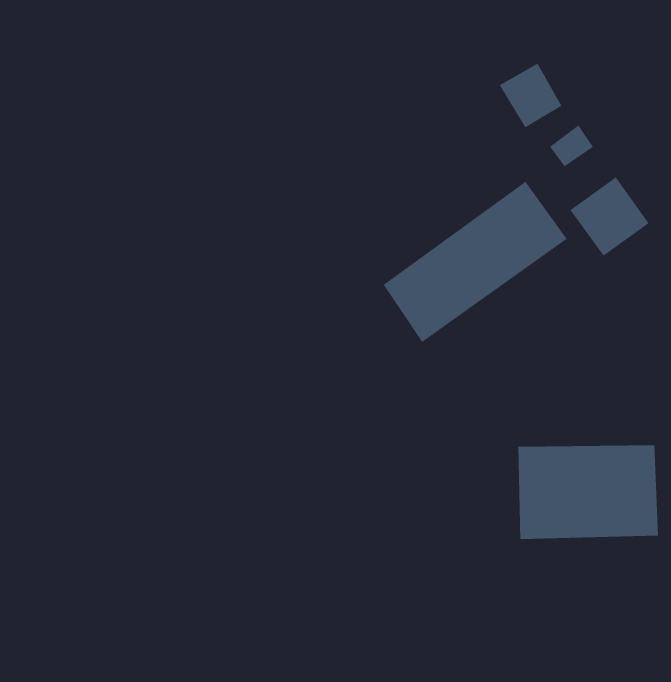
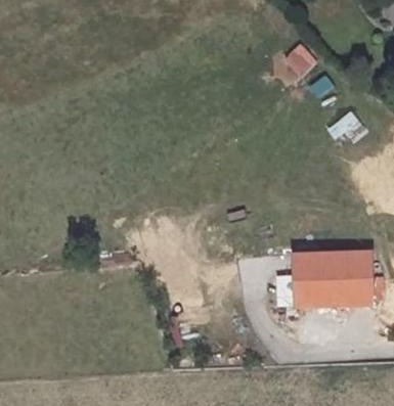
building: [383,181,567,343] -> none

